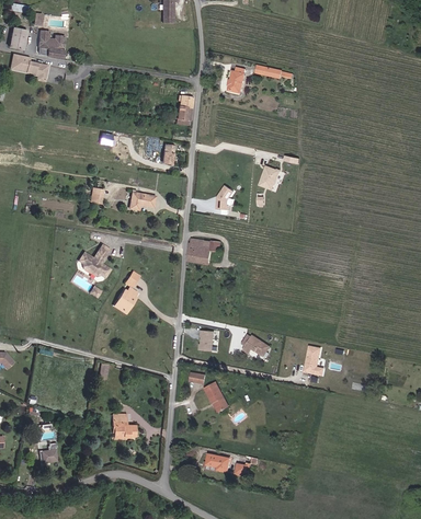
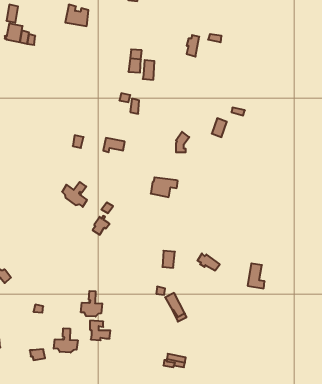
building: [37,32,66,58] -> [65,5,88,26]
building: none -> [81,291,102,317]
building: none -> [54,328,78,353]

